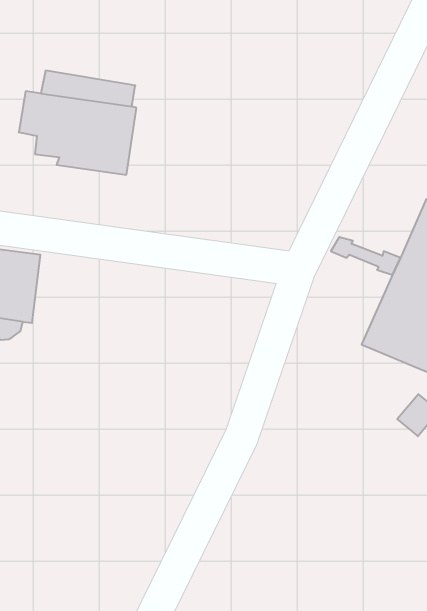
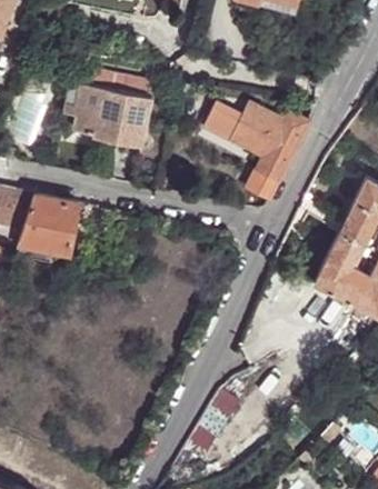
building: none -> [208,100,308,197]

